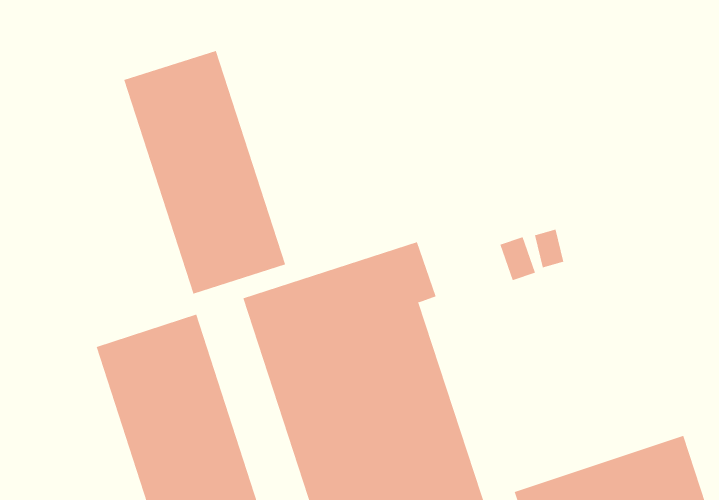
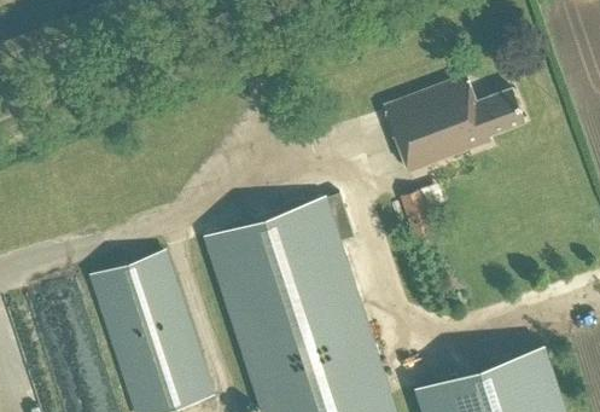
building: [123,50,286,294] -> none
building: none -> [385,79,524,173]

